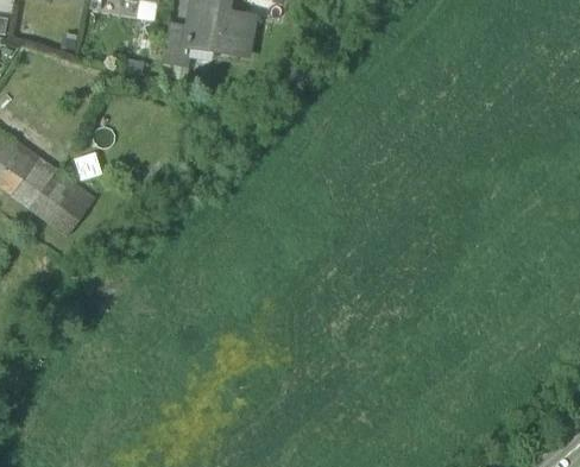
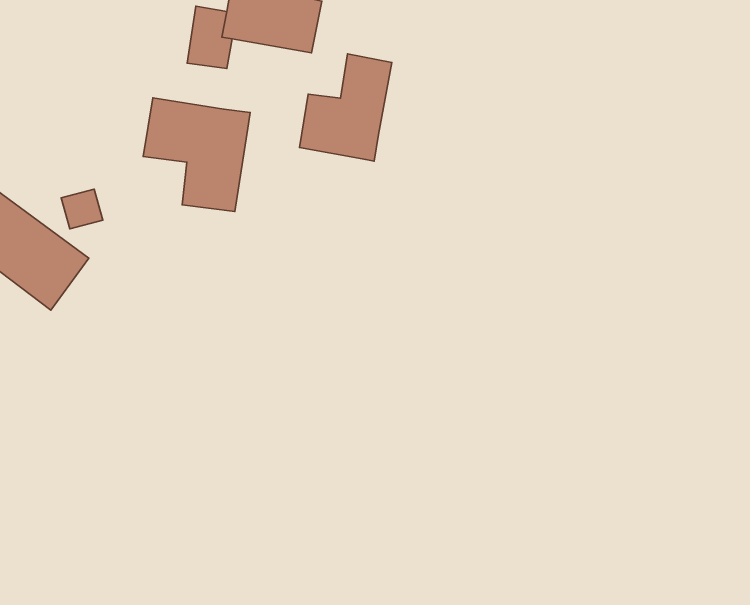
building: none -> [300,54,392,161]
building: none -> [143,98,250,211]

